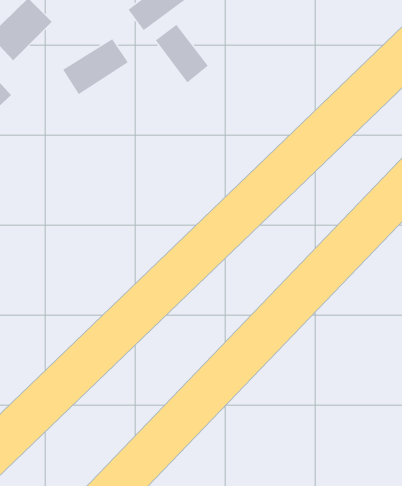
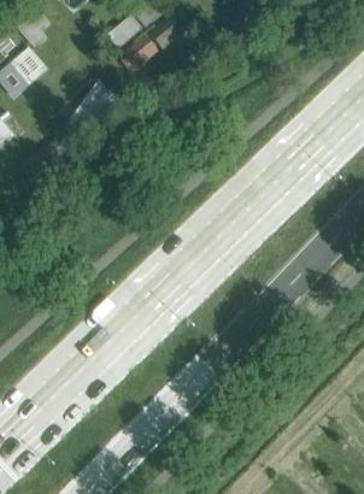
building: [155,24,209,83] -> none

